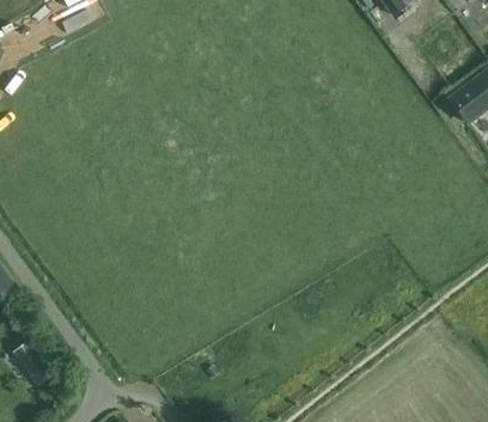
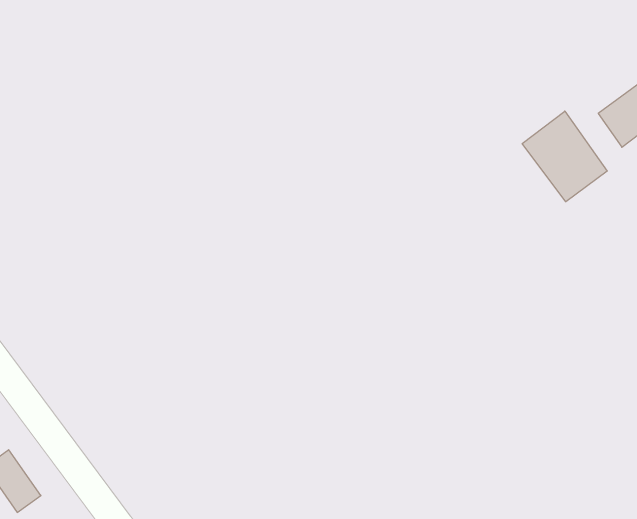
building: none -> [522,111,607,202]

